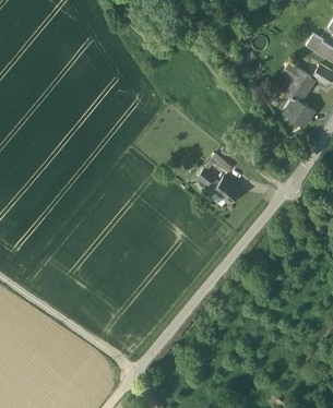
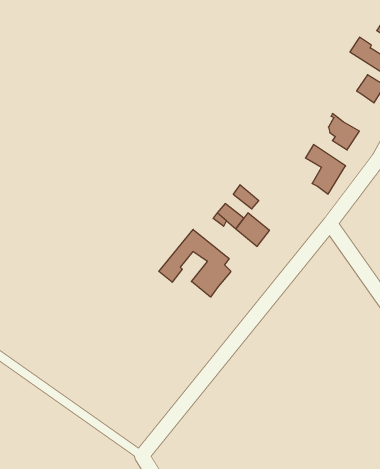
building: [282,62,314,103] -> [305,145,346,194]
building: none -> [159,229,231,297]

